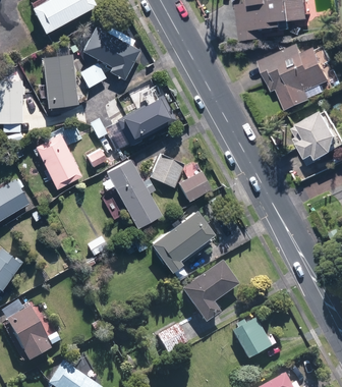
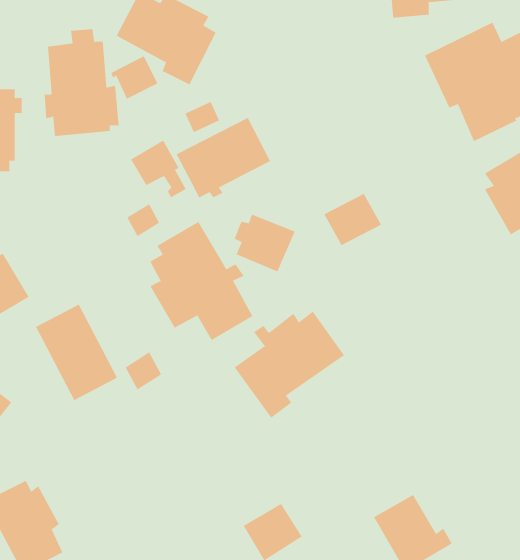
building: [36,132,83,188] -> [35,304,118,401]
building: [178,170,212,201] -> [324,193,382,246]
building: [180,261,238,324] -> none

